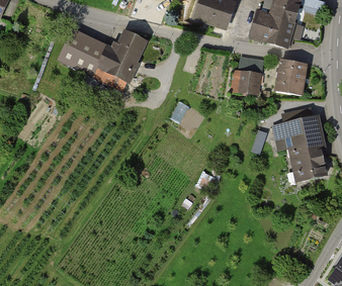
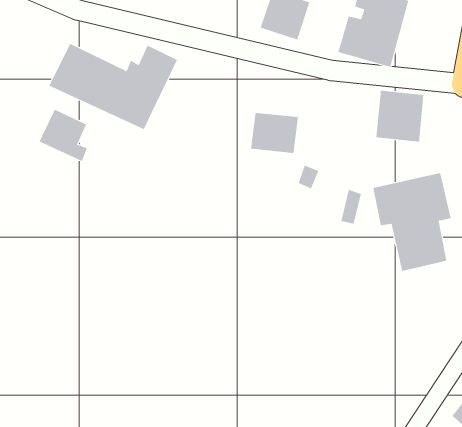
building: [232,69,264,96] -> [250,112,299,153]
building: none -> [39,109,88,162]

